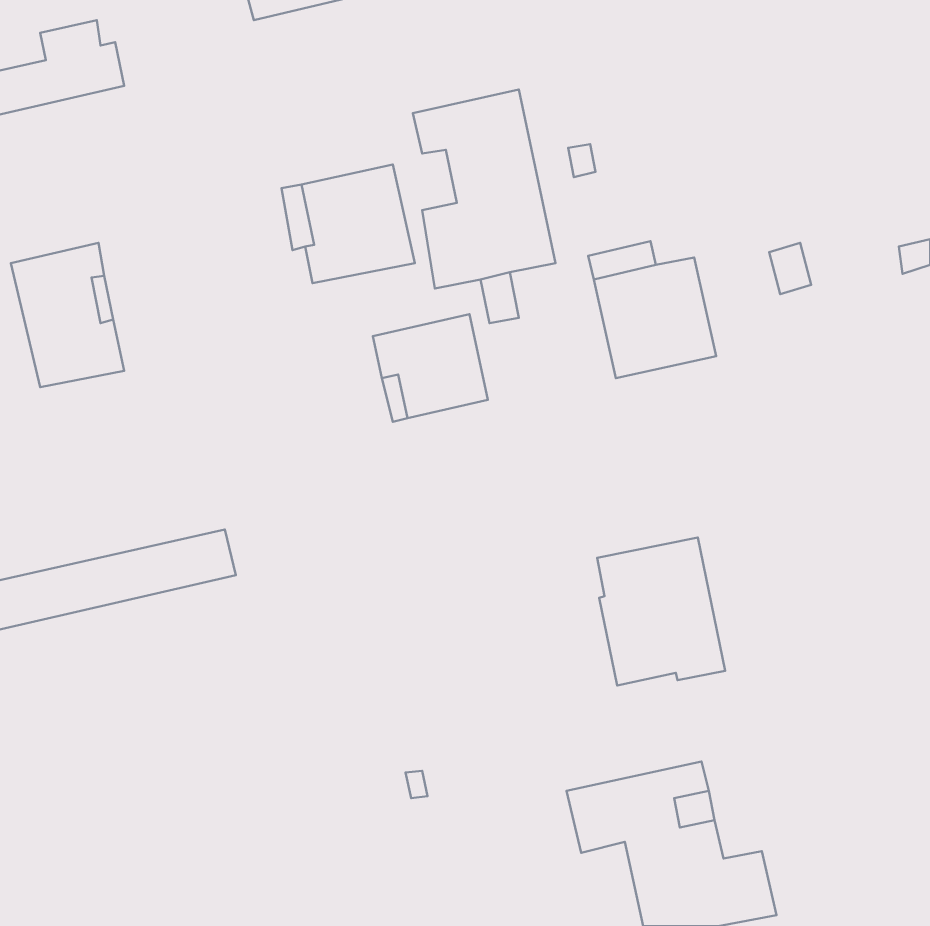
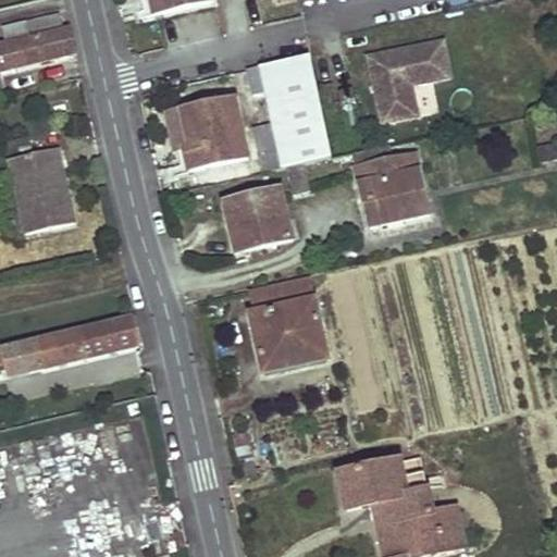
building: none -> [368,40,449,123]
building: [597,538,725,686] -> [248,277,324,366]

